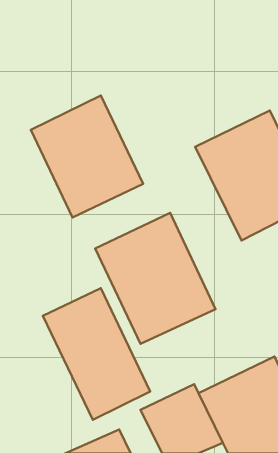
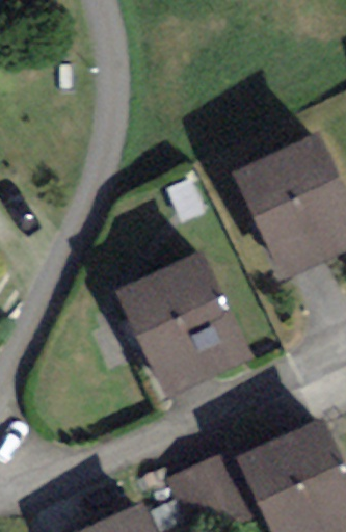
building: [31,96,143,218] -> none
building: [43,288,150,420] -> none

